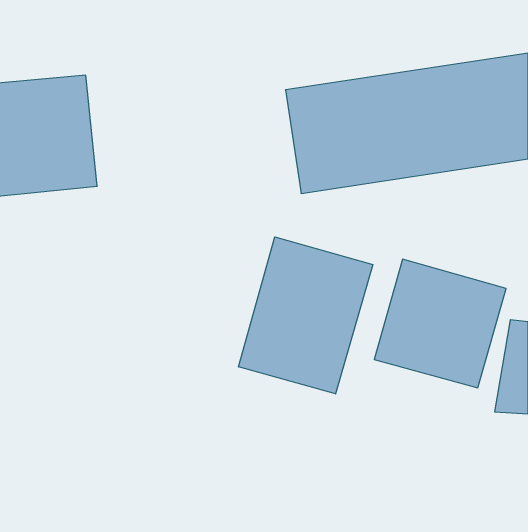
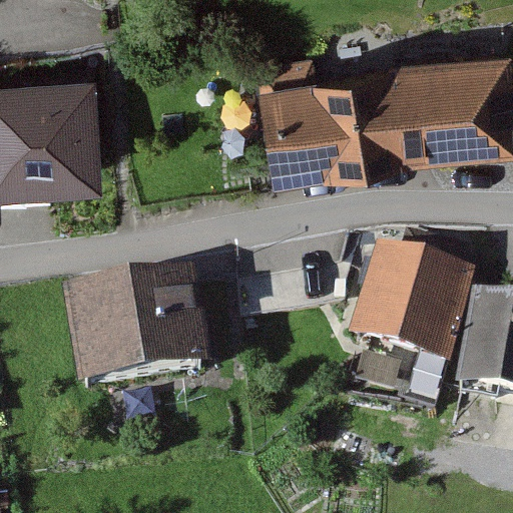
building: [239,237,373,394] -> none
building: none -> [69,264,210,386]

